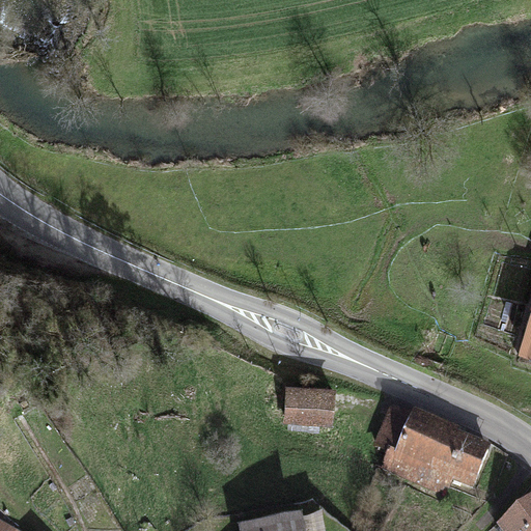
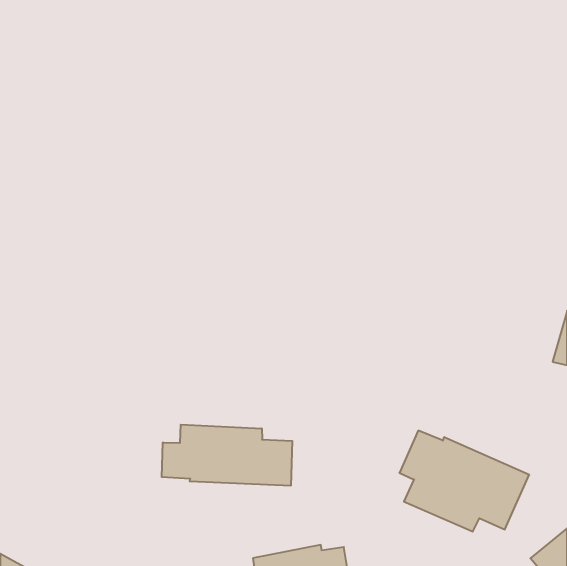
building: [285,381,335,421] -> none
building: none -> [162,425,292,486]

